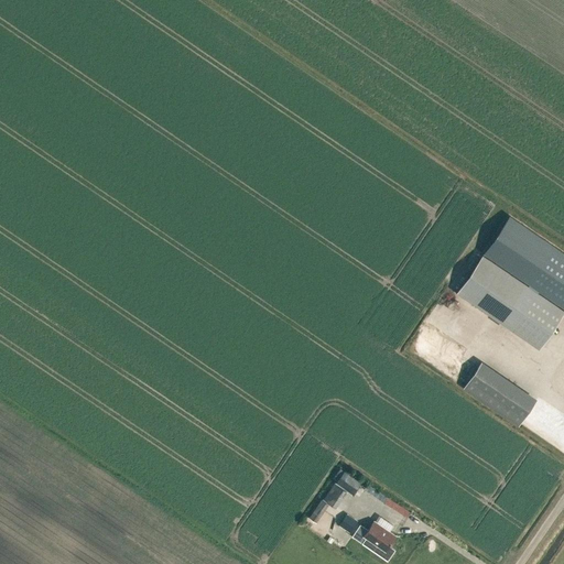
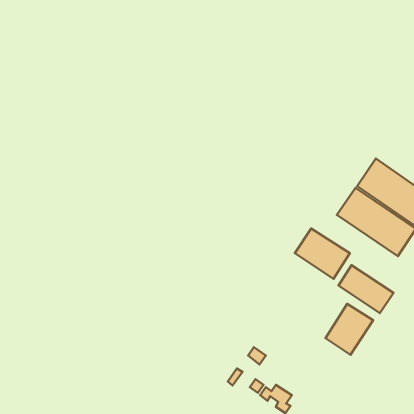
building: none -> [295,229,350,279]
building: none -> [325,304,373,355]

